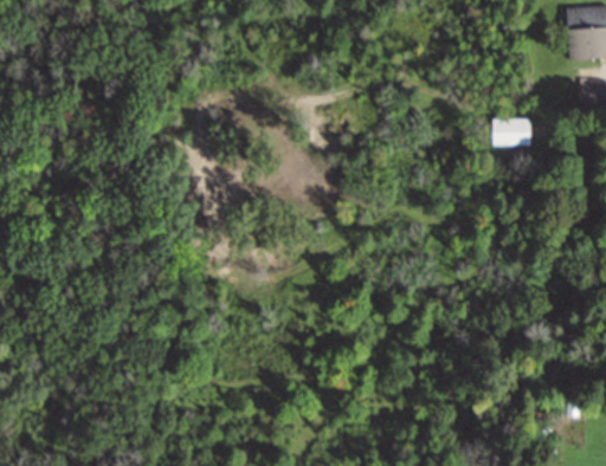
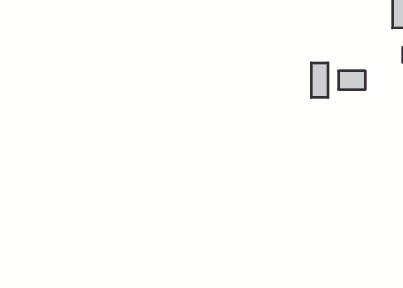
building: none -> [311,63,328,98]

